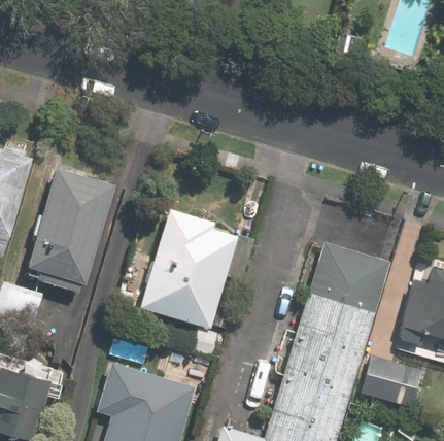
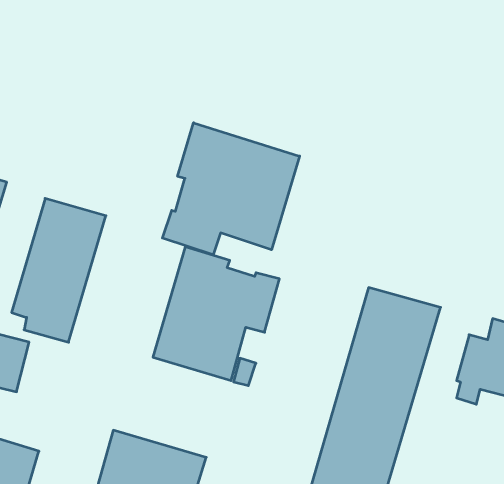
building: none -> [162,123,300,255]
building: [362,354,417,405] -> none

